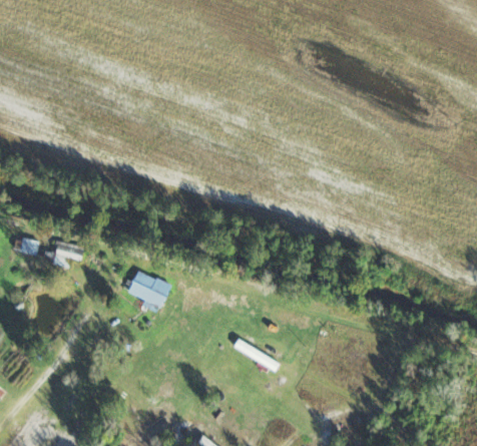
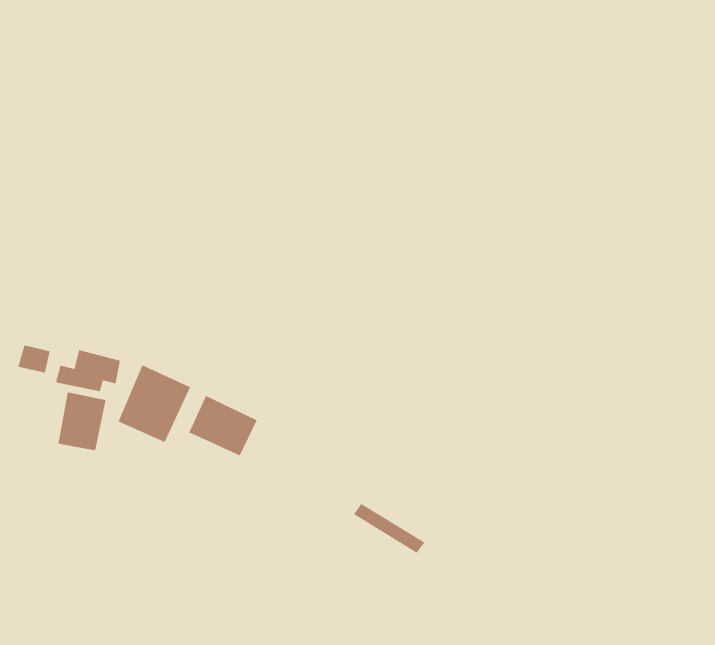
building: none -> [118,365,191,443]
building: none -> [58,392,106,451]

